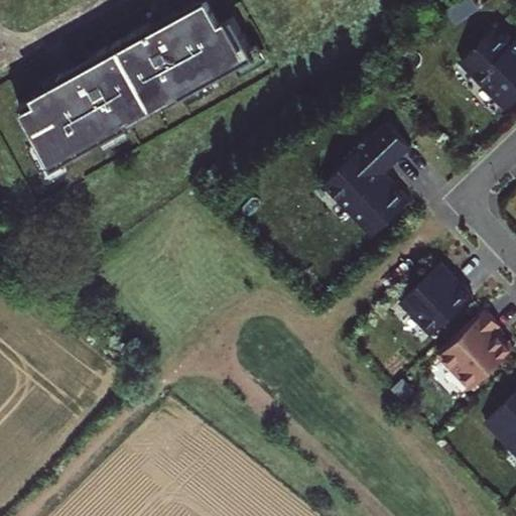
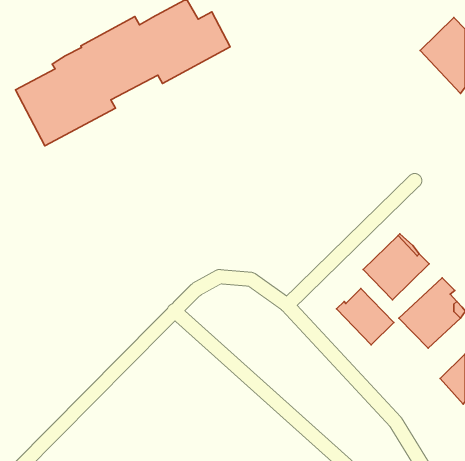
building: [322,125,410,238] -> none
building: none -> [336,288,394,345]

